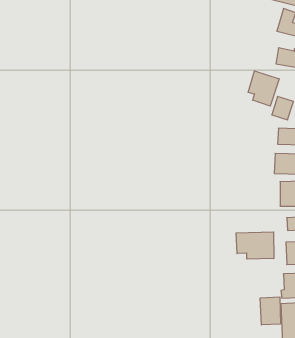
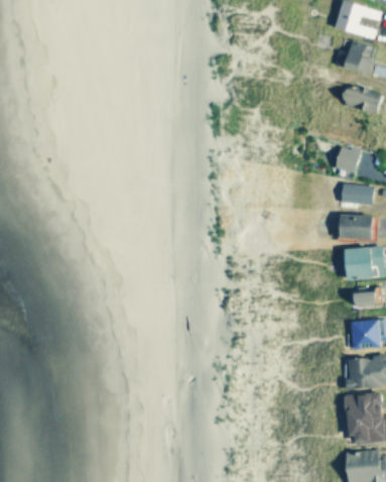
building: [248,71,279,106] -> none
building: [236,232,274,259] -> none
building: [260,297,280,325] -> none

